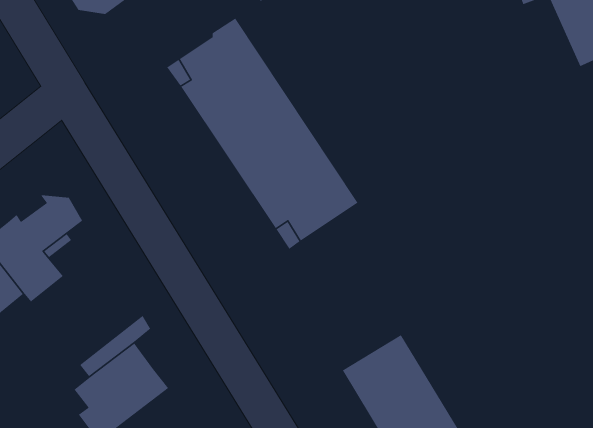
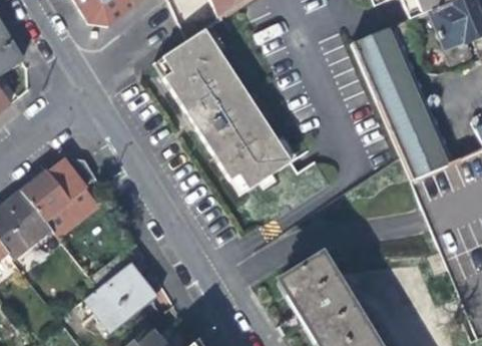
building: none -> [355,20,448,180]

